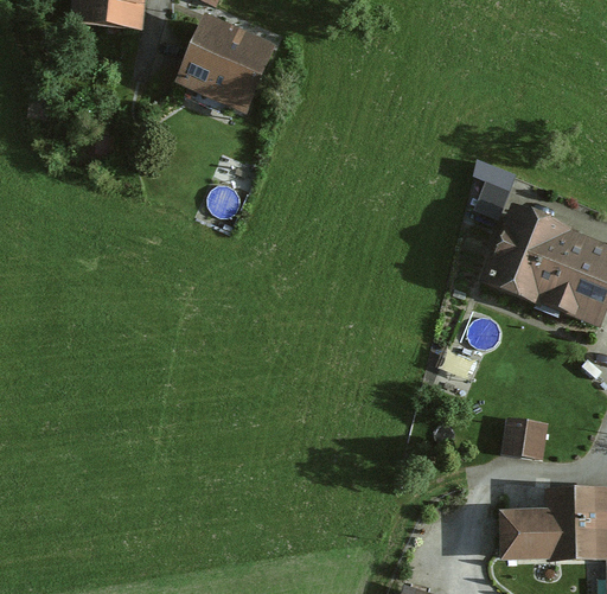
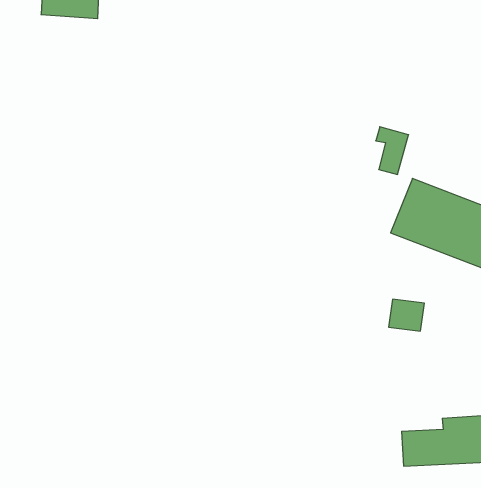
building: [183,20,273,108] -> none
building: [504,417,547,455] -> [389,299,424,331]

